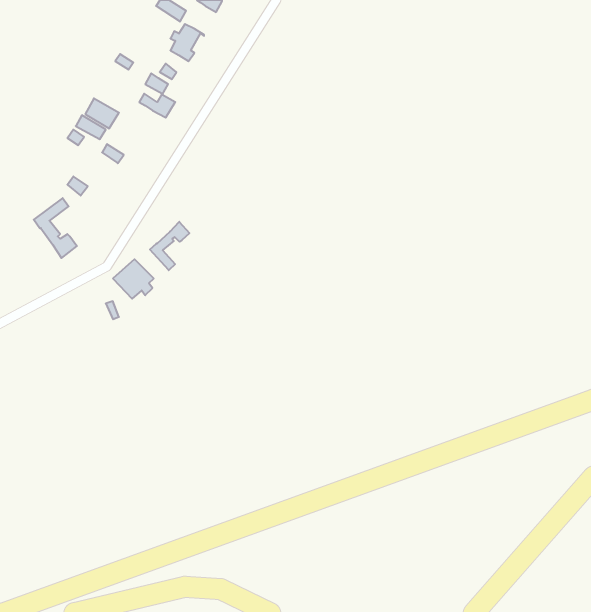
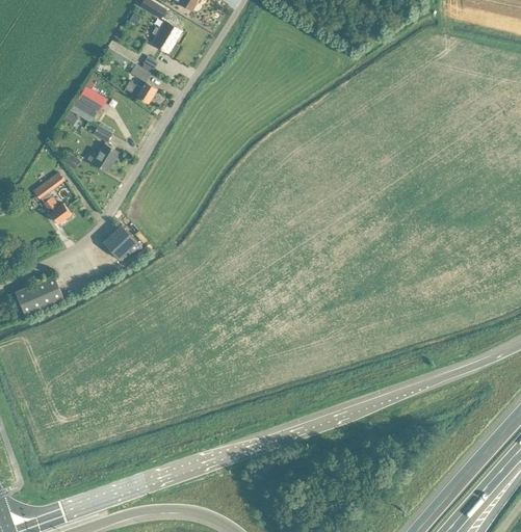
building: none -> [87,144,119,171]
building: [150,222,189,270] -> none
building: none -> [16,275,64,315]

